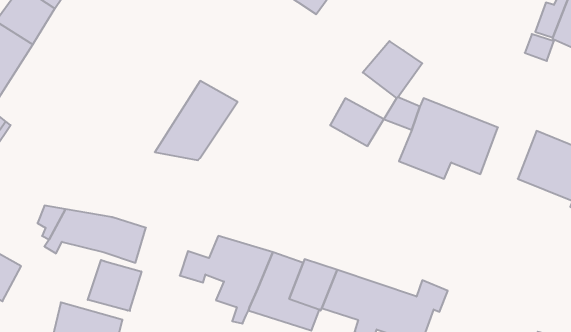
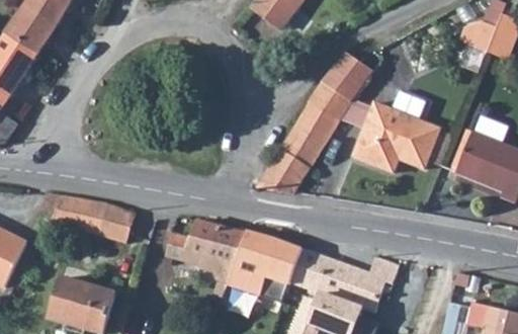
building: none -> [308,78,352,118]
building: [155,81,238,160] -> [255,123,327,192]
building: [88,260,141,311] -> none

